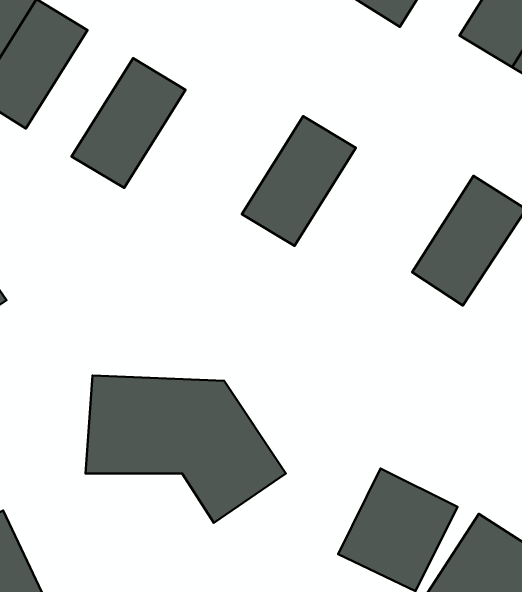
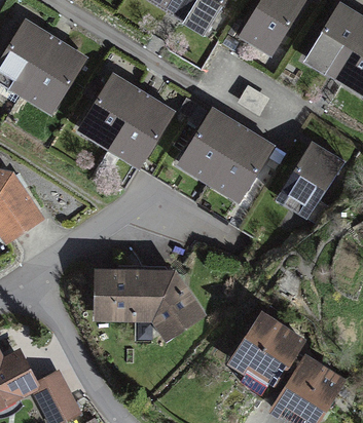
building: none -> [108,92,174,168]
building: none -> [208,126,275,203]

